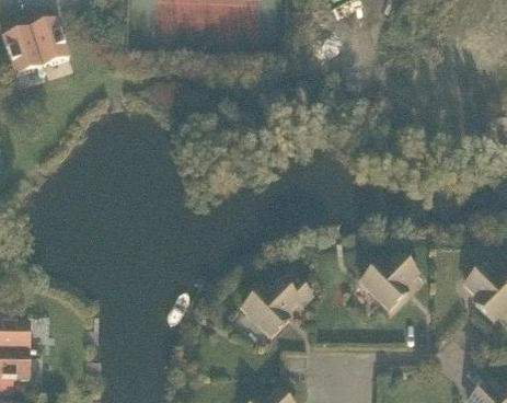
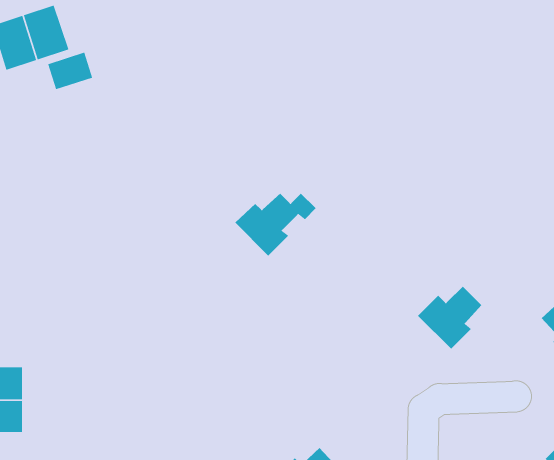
building: none -> [47,52,93,90]
building: [243,280,312,334] -> [234,193,316,256]

